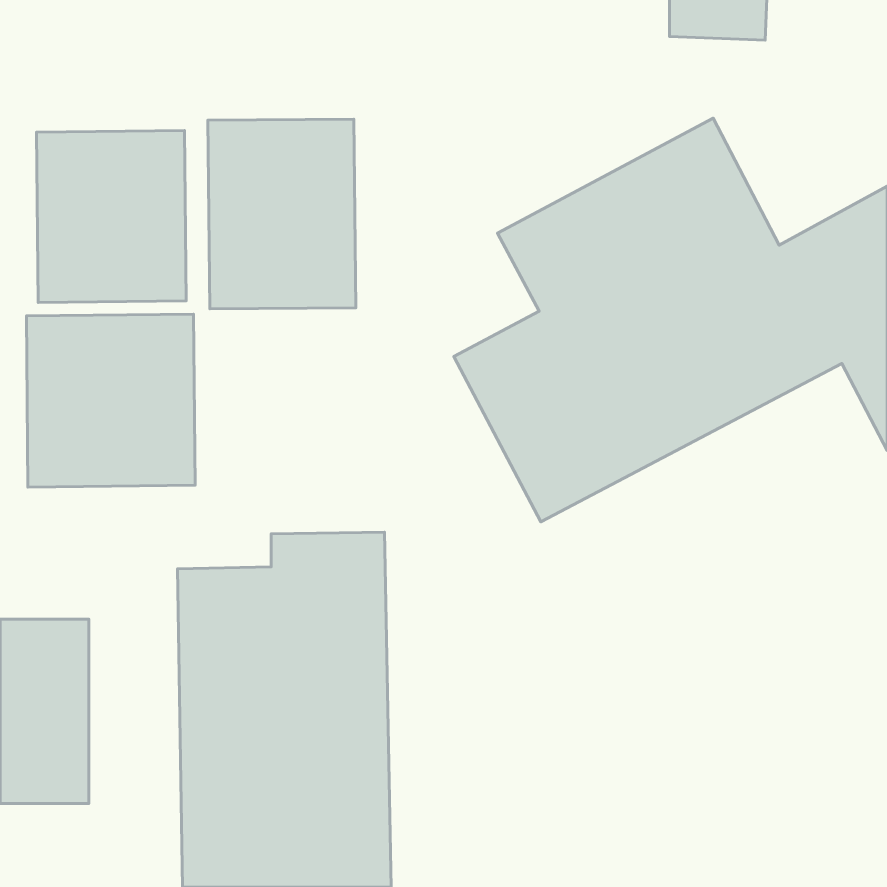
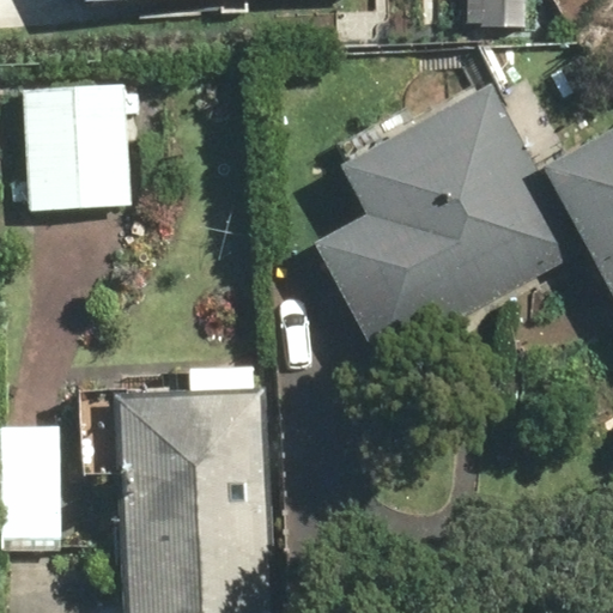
building: [208,119,356,309] -> none
building: [26,314,195,487] -> none

